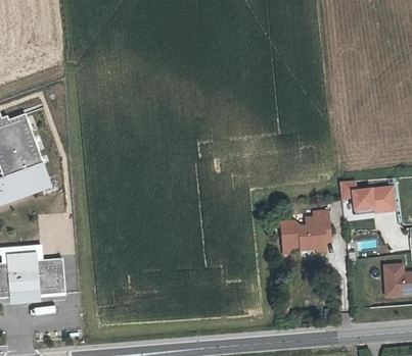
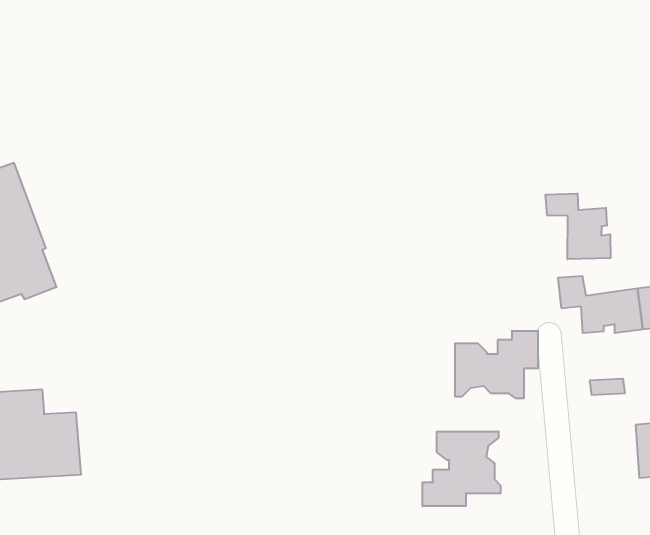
building: none -> [546,193,610,259]
building: none -> [423,431,501,506]

